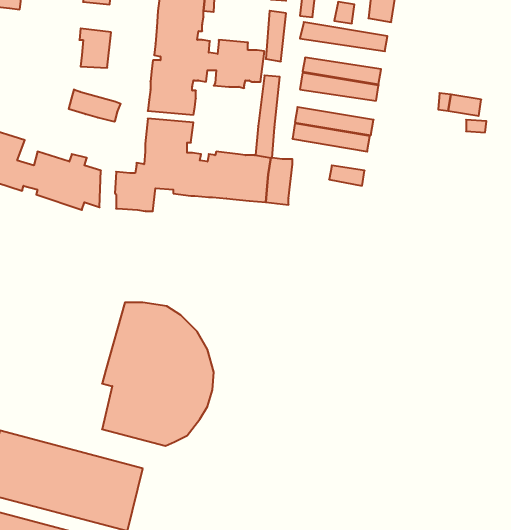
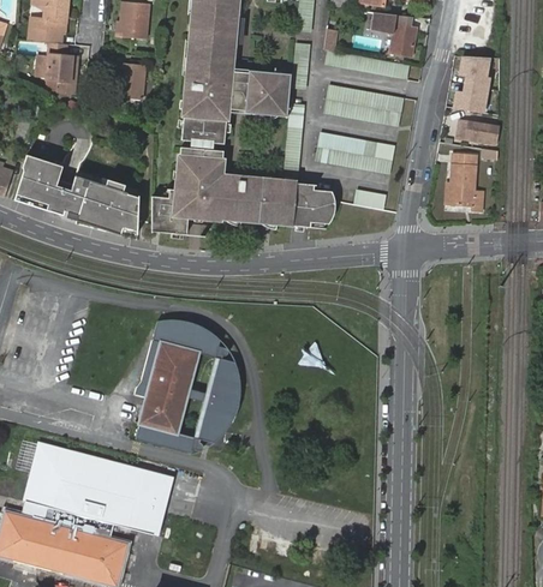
building: none -> [46,41,74,90]
building: none -> [453,54,488,112]
building: [69,89,121,122] -> none
building: none -> [449,156,484,211]
building: none -> [314,188,340,223]

